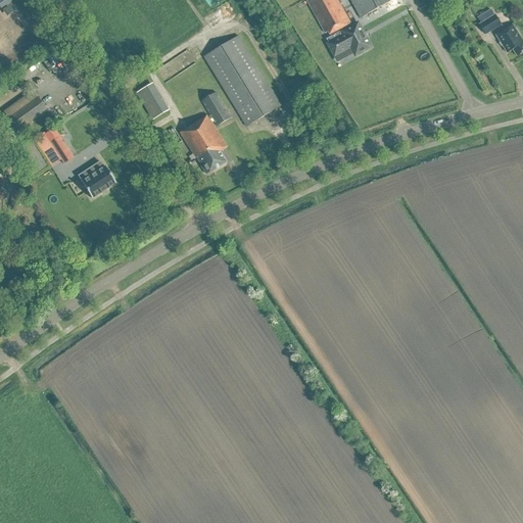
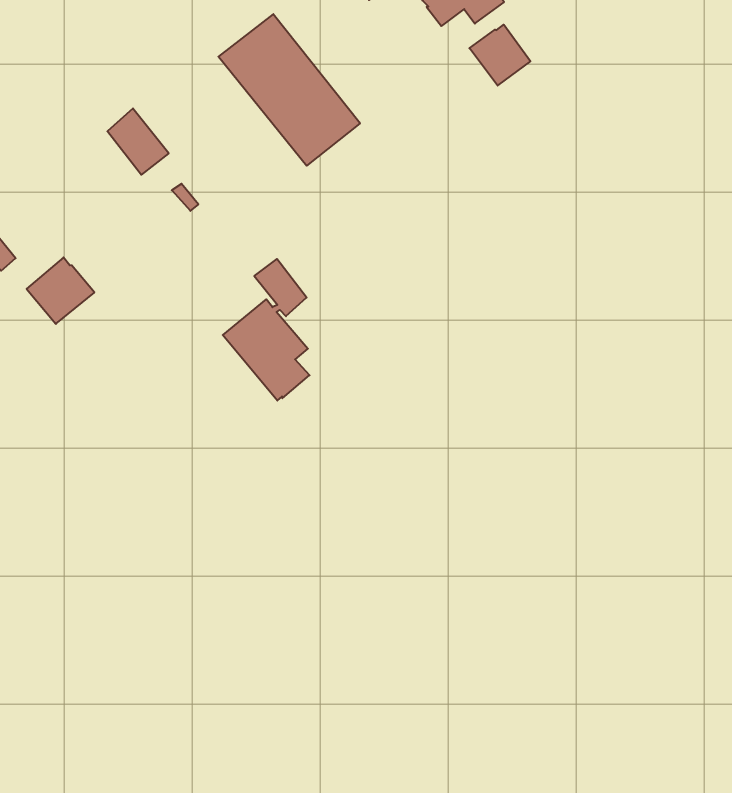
building: none -> [469,25,530,86]
building: [179,91,230,173] -> [223,259,310,401]

